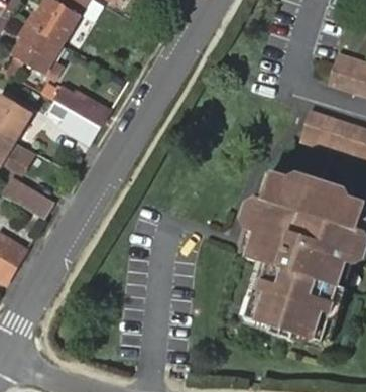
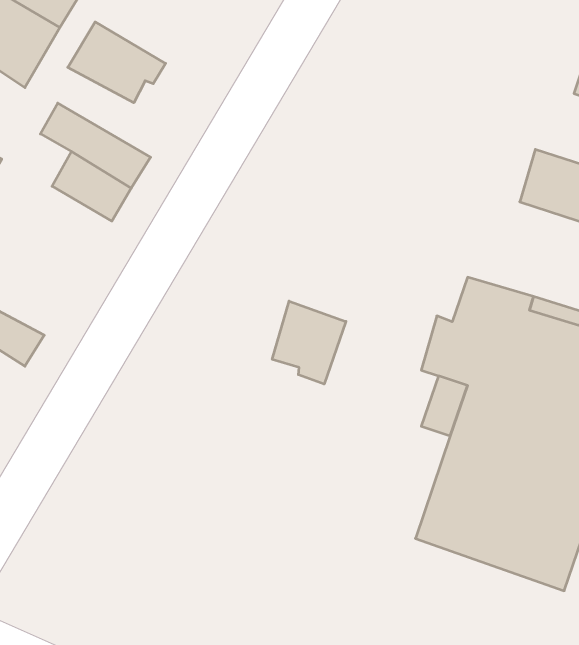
building: none -> [68,22,166,103]
building: none -> [272,301,346,384]

